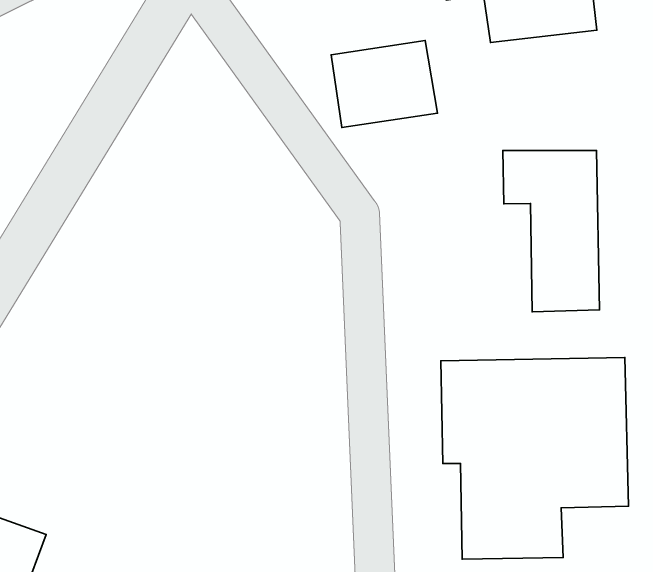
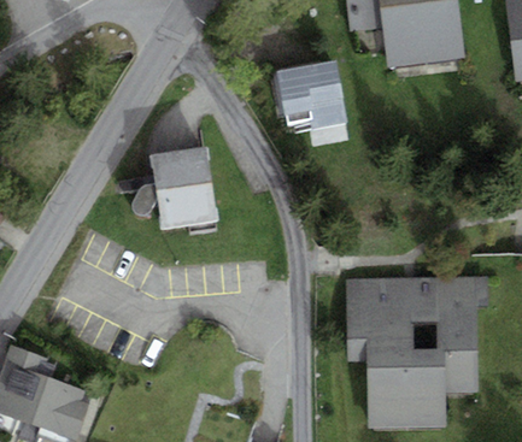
building: [503,151,600,312] -> none
building: none -> [149,153,219,223]

